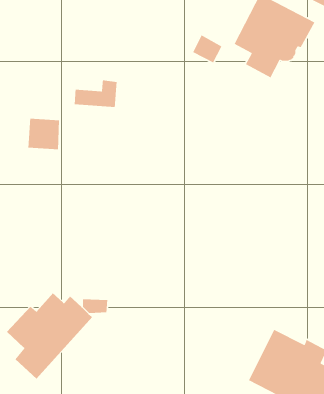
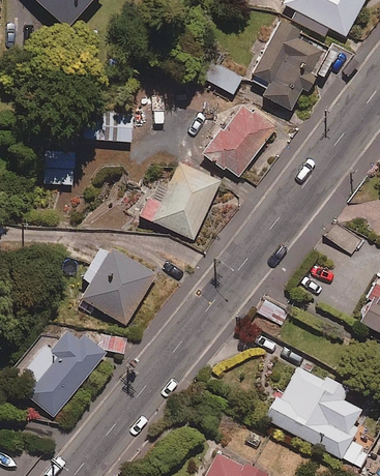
building: none -> [207,102,276,176]
building: none -> [140,163,221,240]
building: none -> [81,248,155,324]

